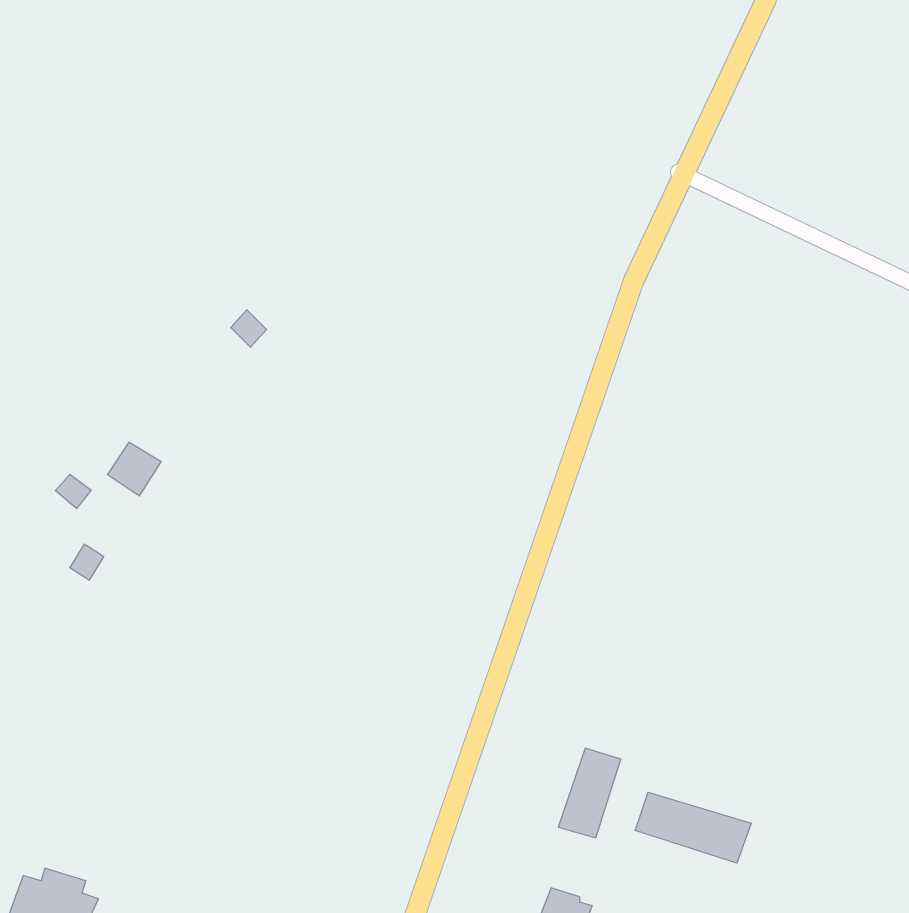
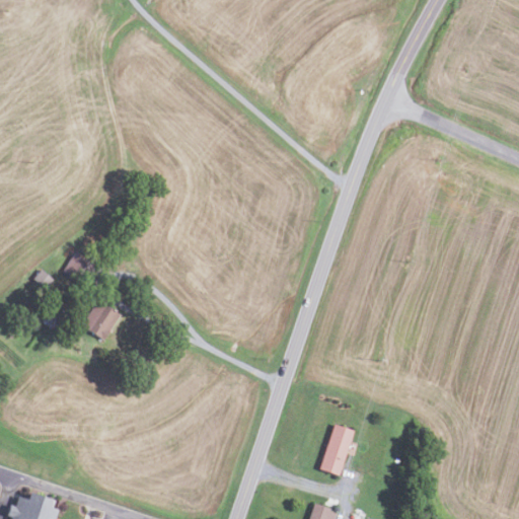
building: none -> [83,301,122,341]
building: [635,792,751,863] -> none

